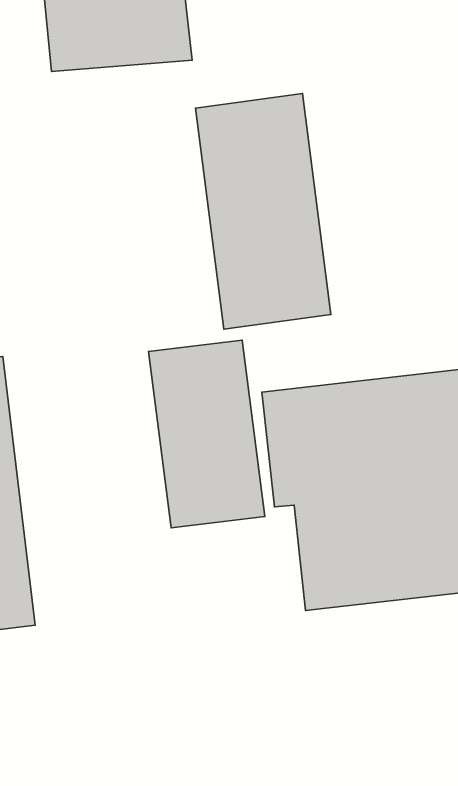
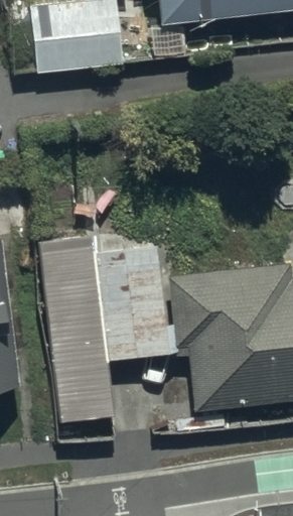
building: [195,94,331,329] -> none
building: none -> [39,267,112,414]

